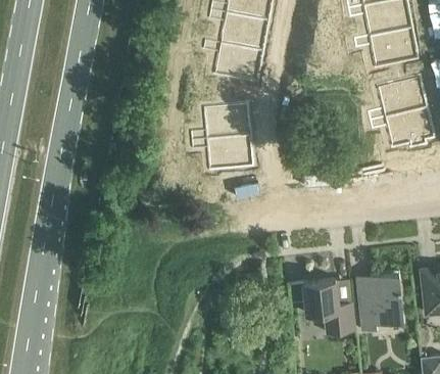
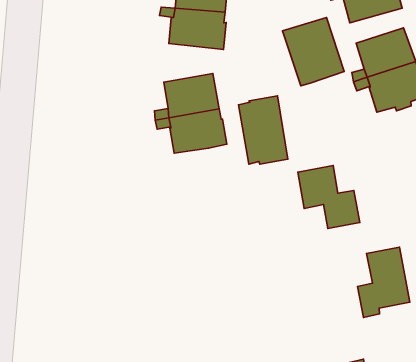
building: none -> [282,18,344,86]
building: none -> [239,96,288,164]
building: [303,276,354,331] -> [298,166,360,229]

